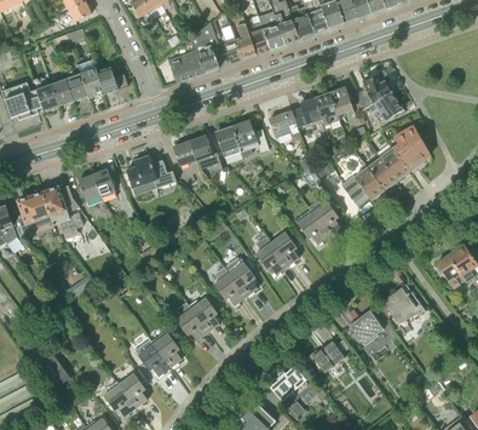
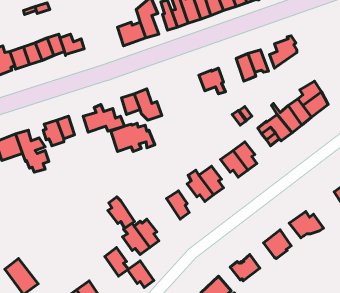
building: [367,91,403,124] -> none
building: [293,98,322,127] -> none
building: [215,122,270,157] -> [111,123,155,152]
building: [213,266,246,305] -> [108,197,134,228]
building: [137,343,169,375] -> [127,261,154,287]

